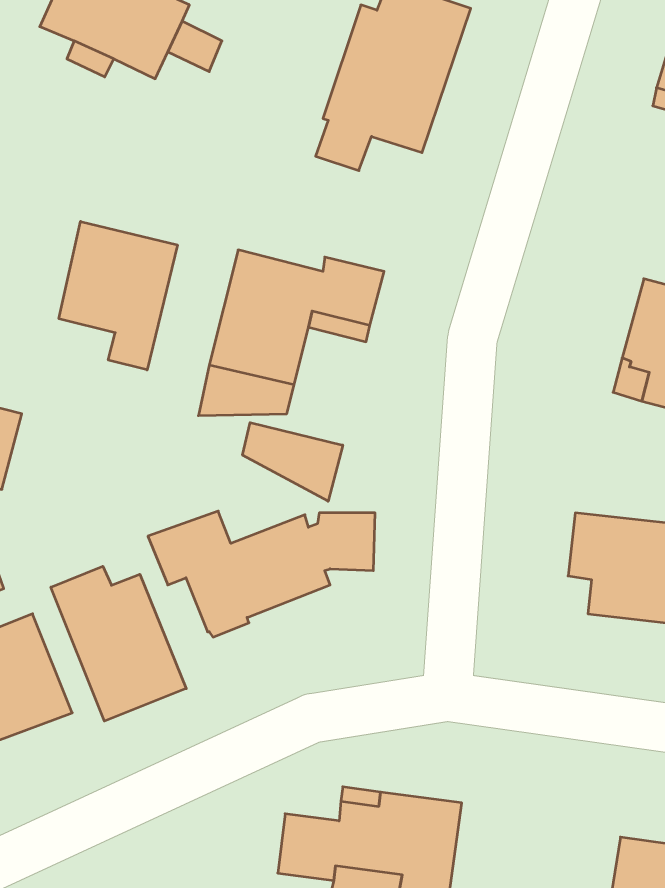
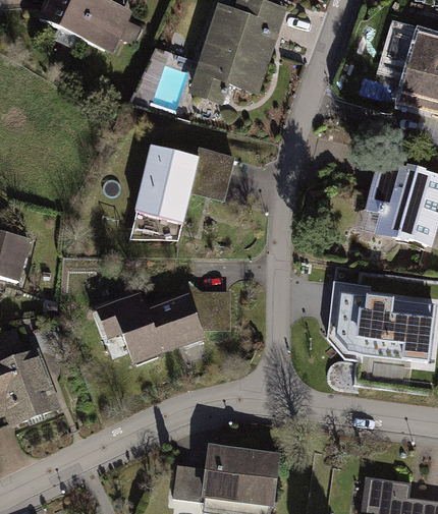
building: [59,221,177,370] -> none
building: [243,423,343,501] -> none
building: [51,566,186,721] -> none

